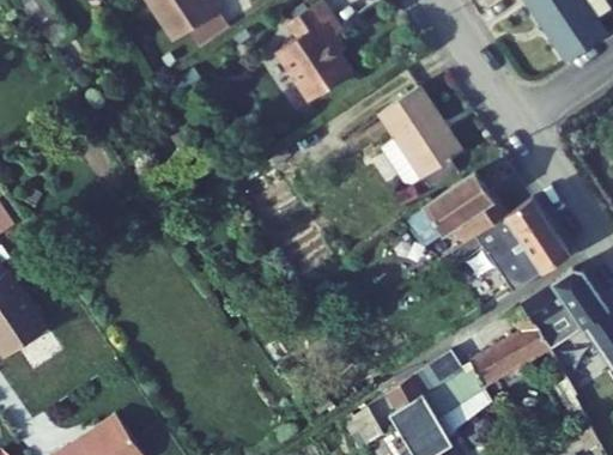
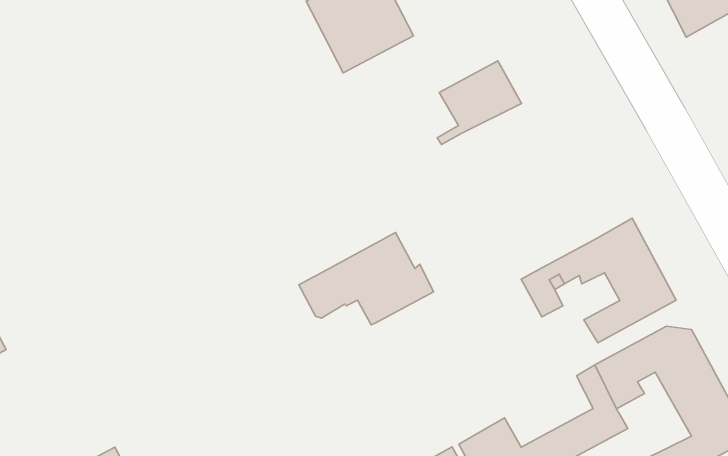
building: [370,117,451,186] -> none
building: [392,172,494,244] -> [299,232,433,325]

